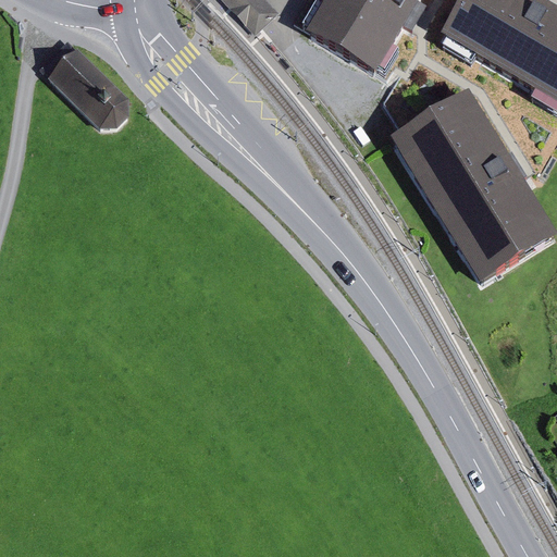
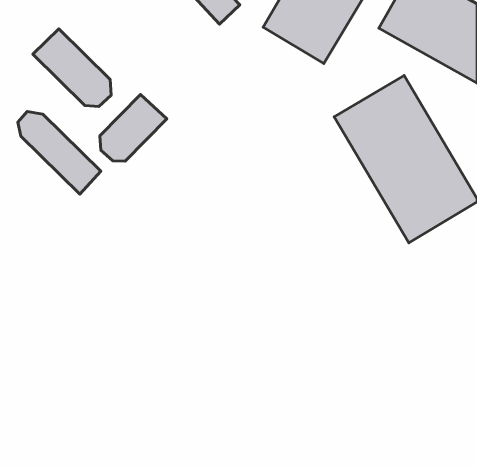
building: none -> [100,94,167,161]
building: none -> [18,112,101,194]

